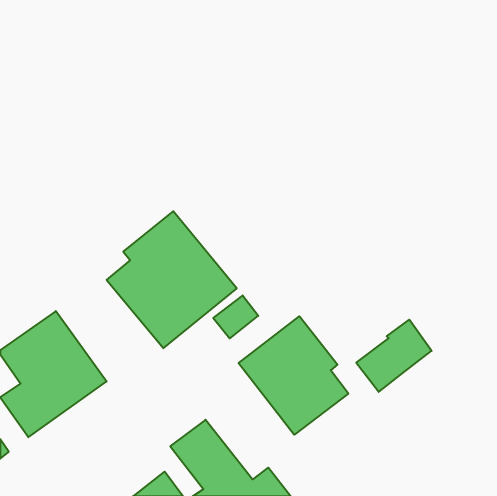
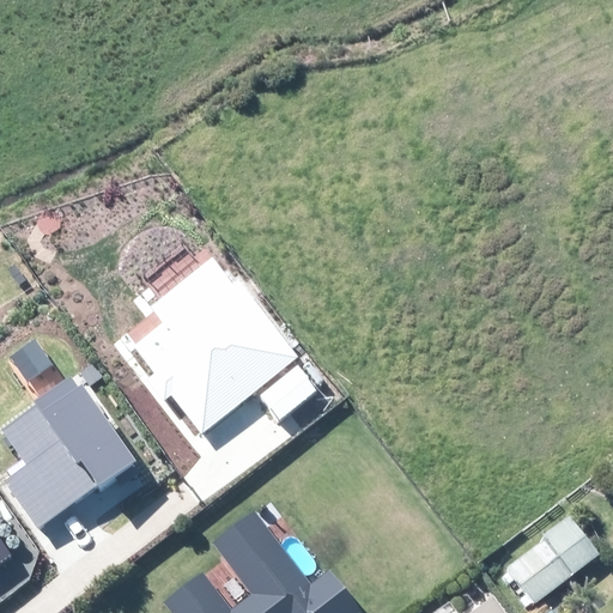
building: [239,316,348,435] -> none
building: [356,320,432,392] -> [509,514,601,602]

